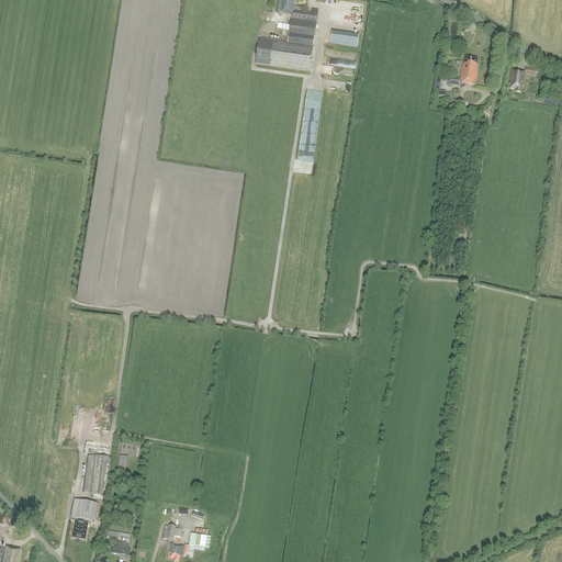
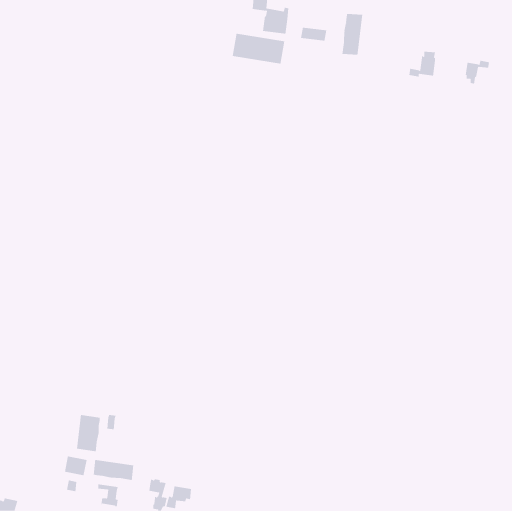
building: none -> [342,13,363,56]
building: none -> [93,459,134,481]

